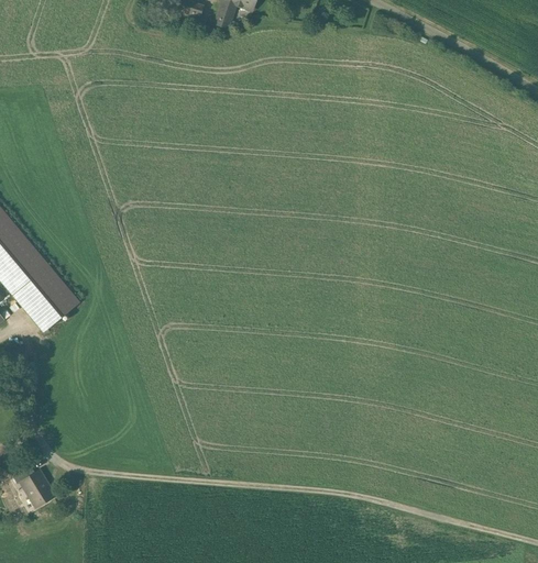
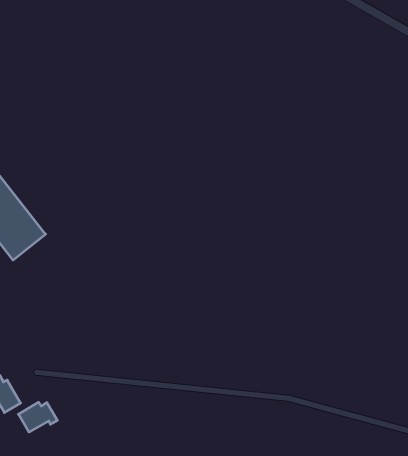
building: none -> [18,402,57,432]

